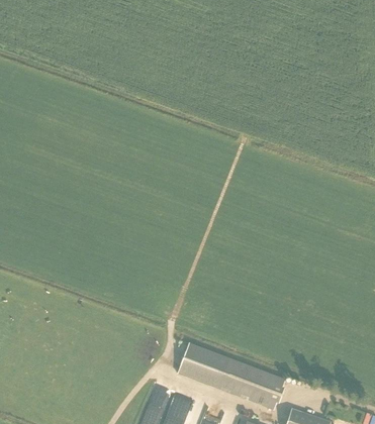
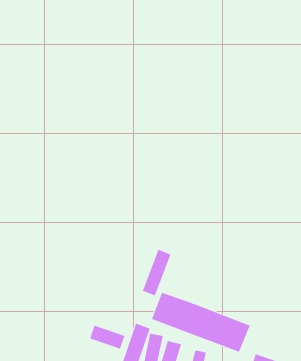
building: none -> [142,249,171,296]
building: none -> [89,325,125,349]

